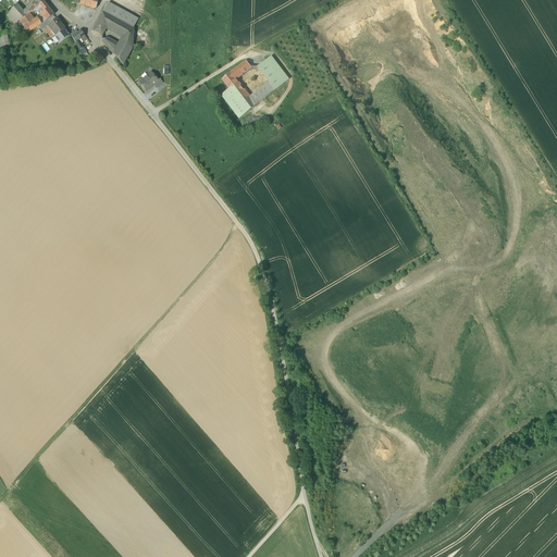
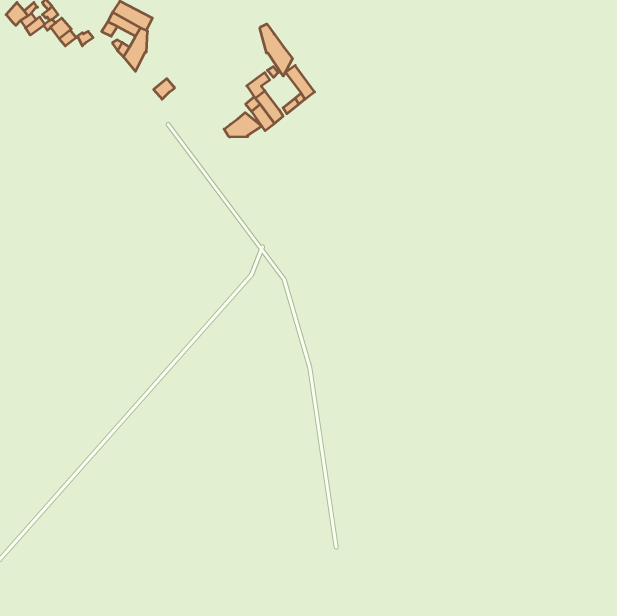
building: none -> [260,24,293,76]
building: none -> [224,113,262,137]

